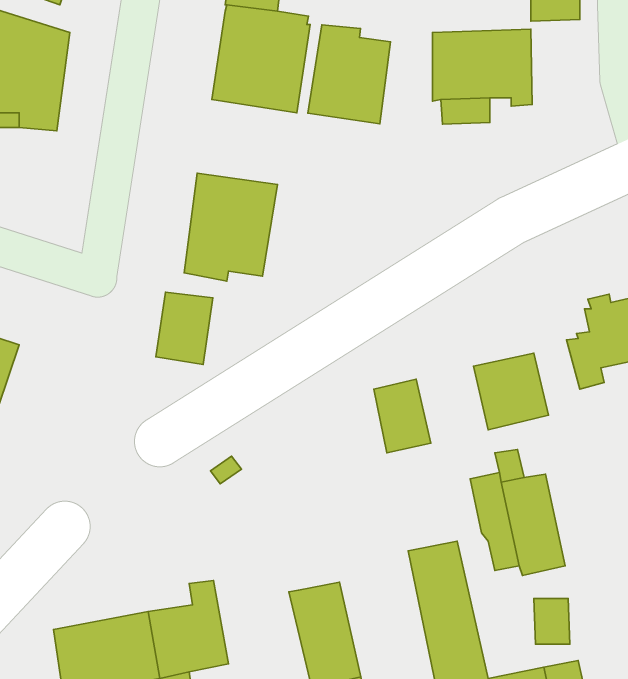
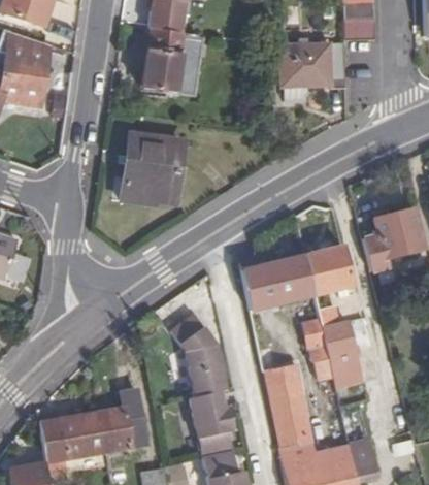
building: [308,25,390,124] -> none
building: [156,292,213,365] -> none
building: none -> [269,255,315,303]
building: none -> [171,314,226,396]

